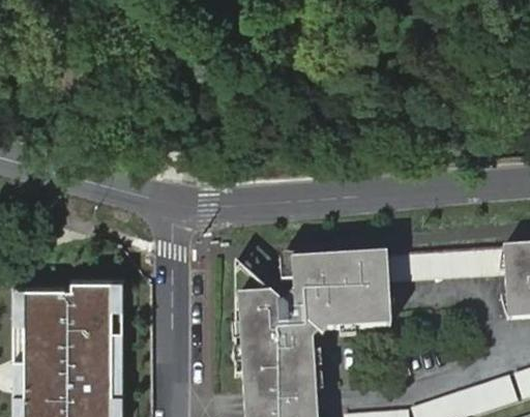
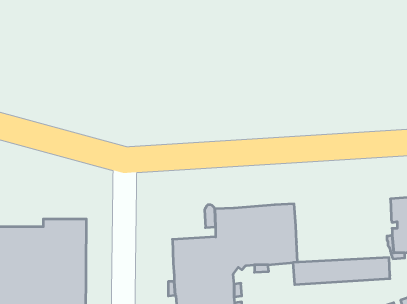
building: [386,248,505,281] -> [293,258,390,285]

